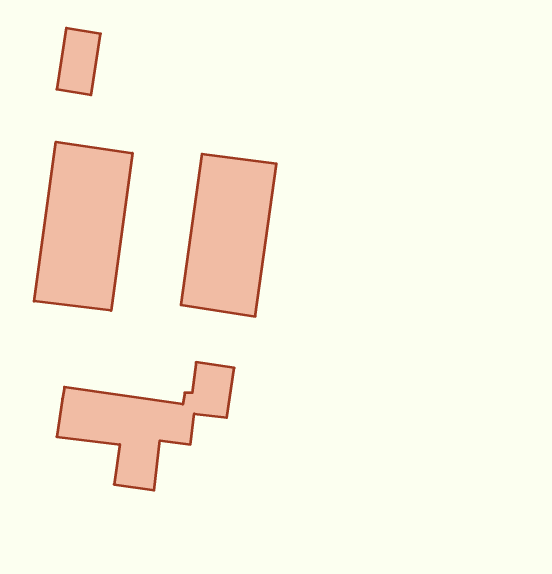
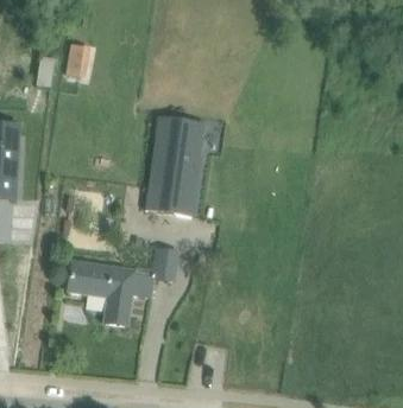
building: [34,142,132,311] -> none

